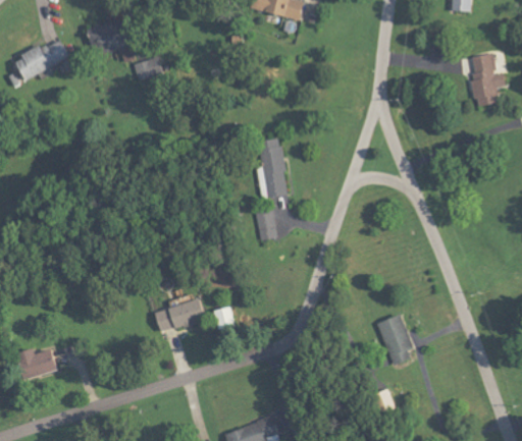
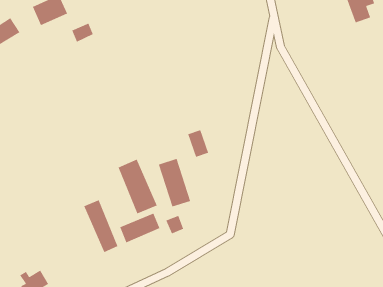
building: [255,139,289,198] -> [158,158,191,208]
building: none -> [118,158,158,215]
building: none -> [83,199,119,253]
building: [376,315,414,365] -> none

